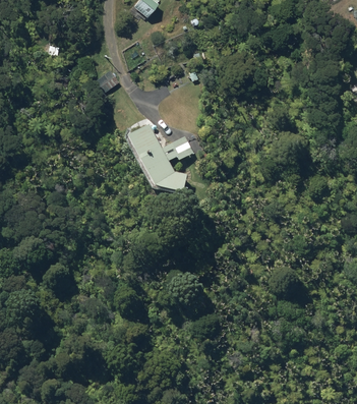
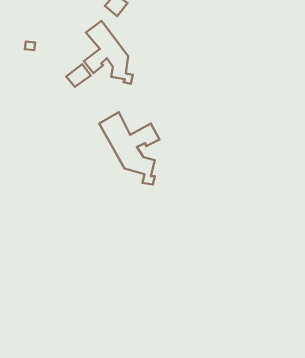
building: none -> [84,21,133,84]

